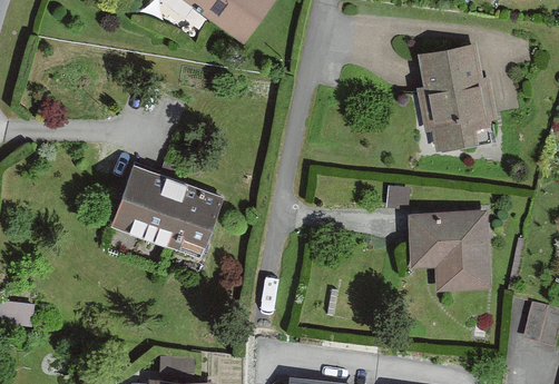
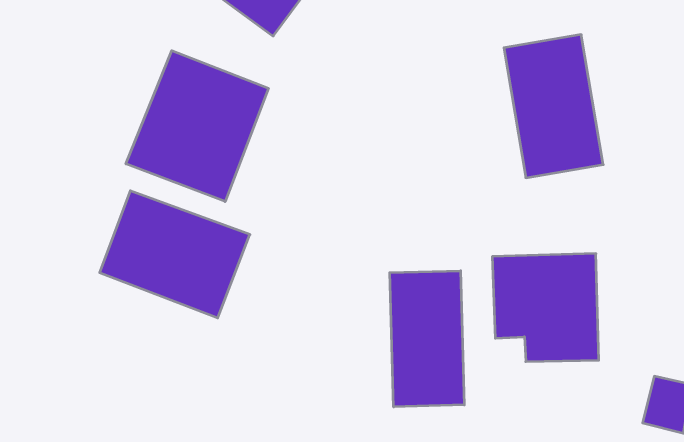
building: none -> [126,51,268,202]
building: none -> [390,271,464,407]

